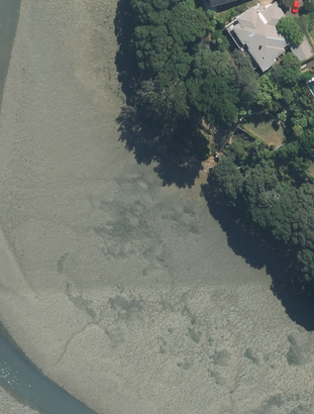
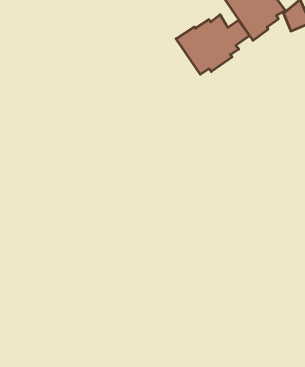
building: none -> [176,15,250,74]

